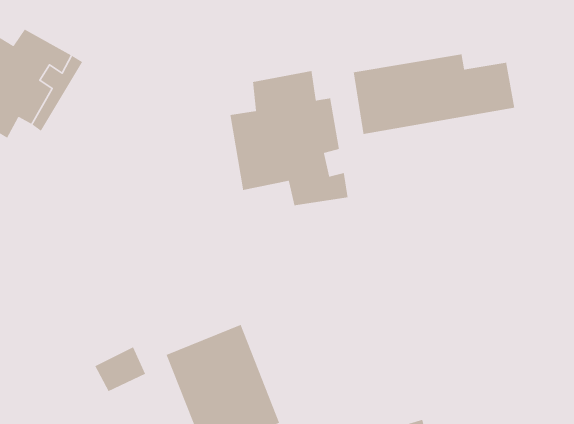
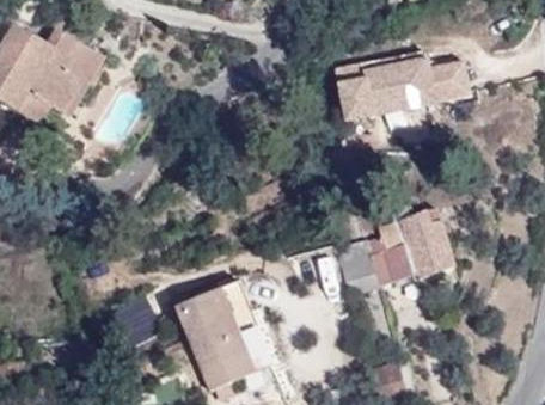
building: [229,70,348,206] -> none
building: none -> [335,207,454,294]

